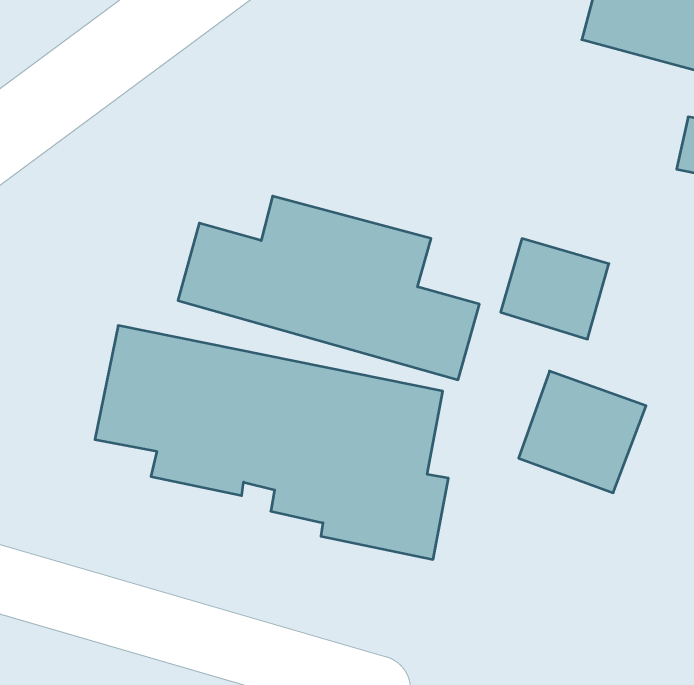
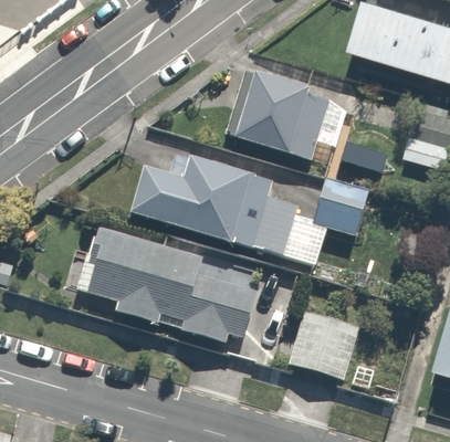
building: none -> [231,72,336,162]
building: [519,371,646,493] -> [287,314,360,383]

